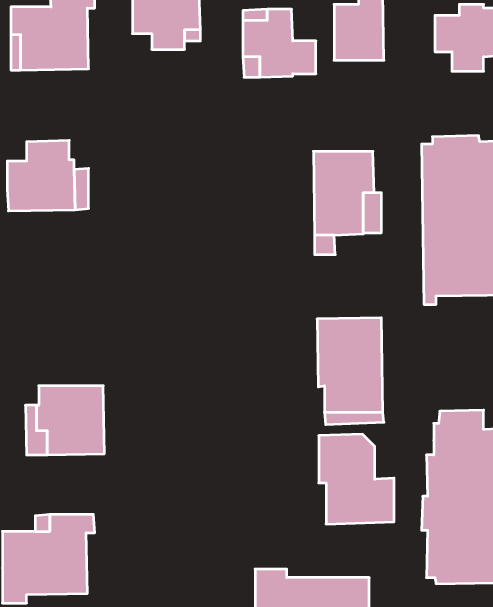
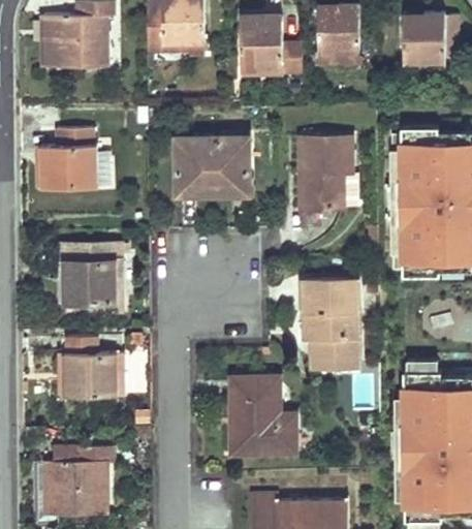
building: none -> [177,138,249,194]
building: none -> [59,245,122,313]
building: [319,434,394,524] -> [231,378,295,455]

